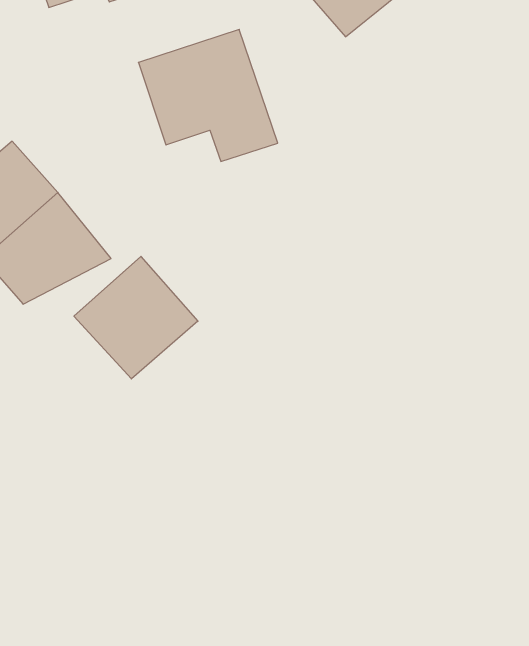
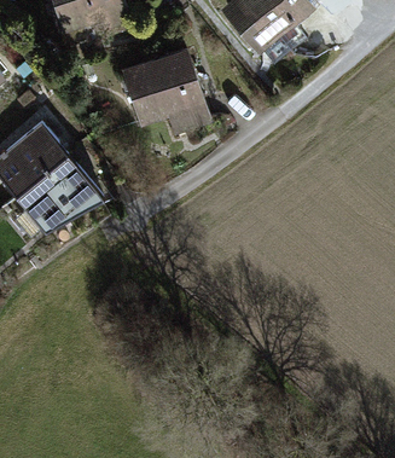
building: [74,256,198,379] -> none

